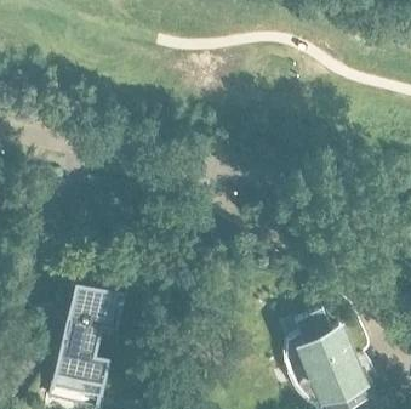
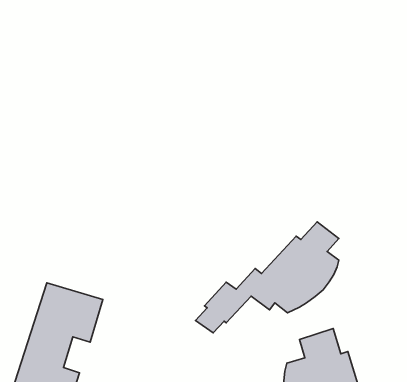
building: none -> [196,222,339,333]

